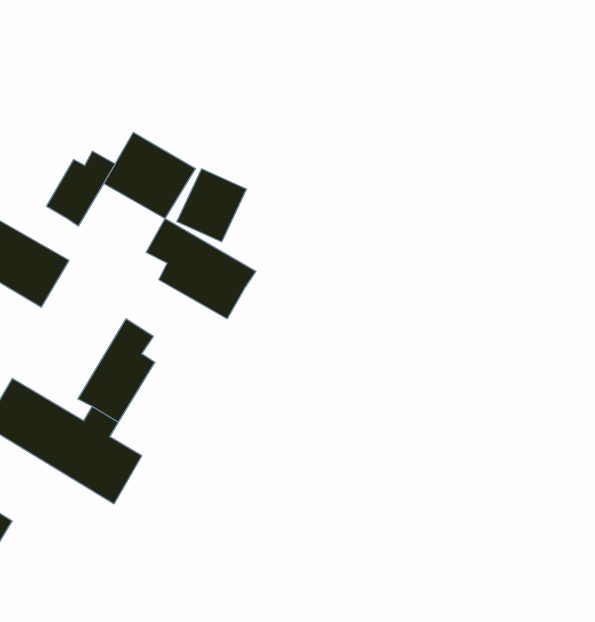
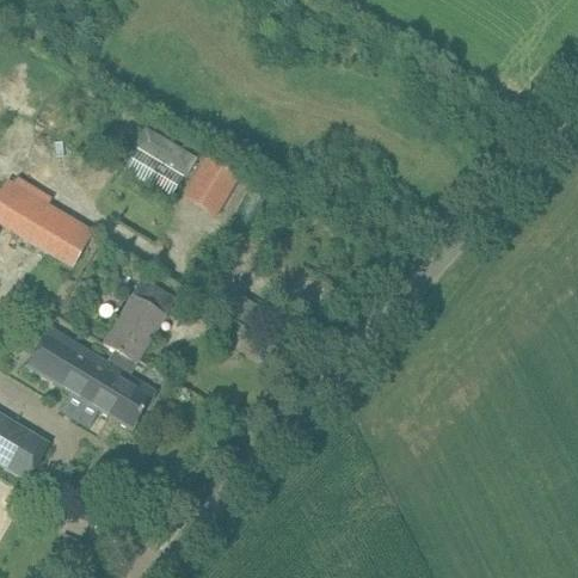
building: [47,151,115,226] -> none
building: [146,218,256,319] -> none

